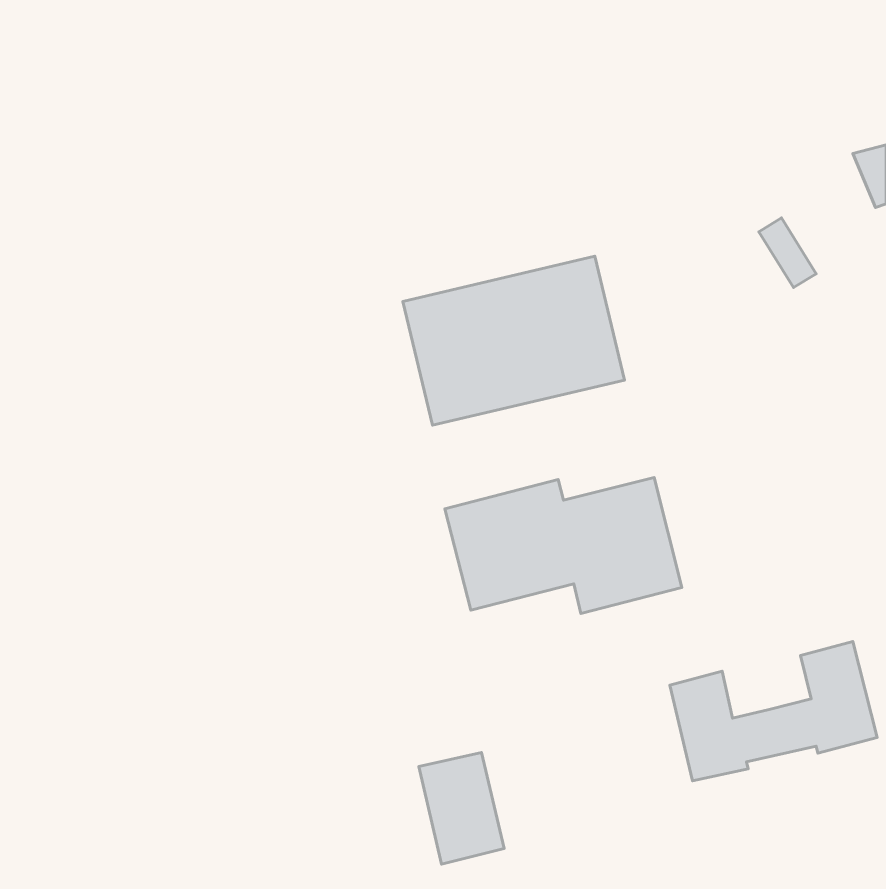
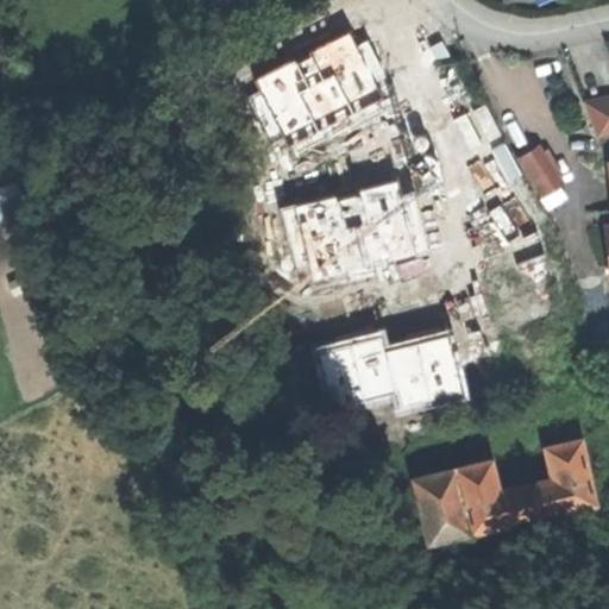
building: none -> [241,29,395,158]
building: [419,753,504,864] -> [414,467,472,544]

